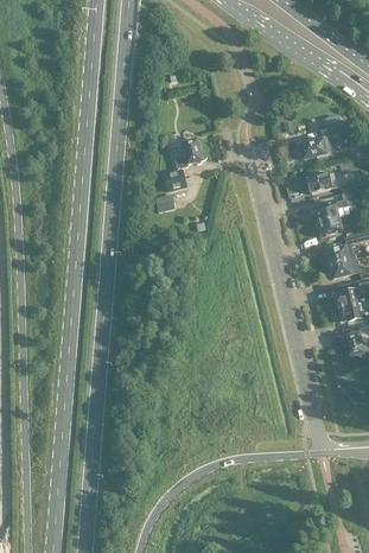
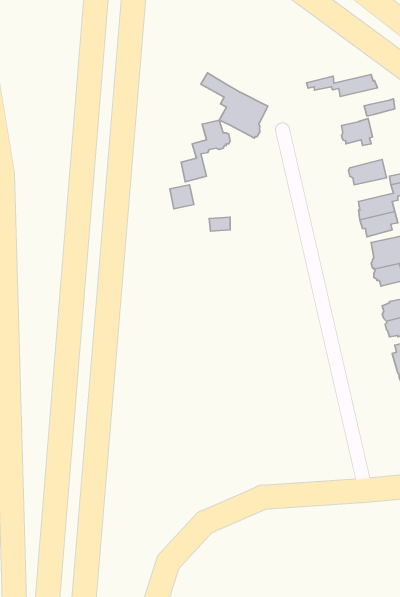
building: none -> [201,73,268,138]
building: none -> [307,75,377,96]

